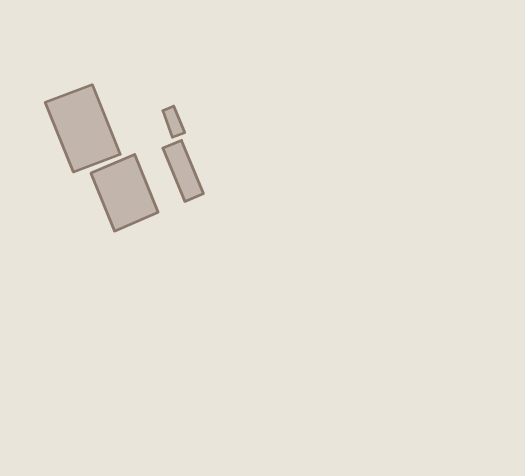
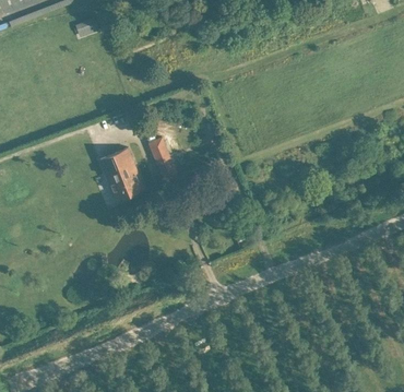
building: [45,85,120,172] -> none

